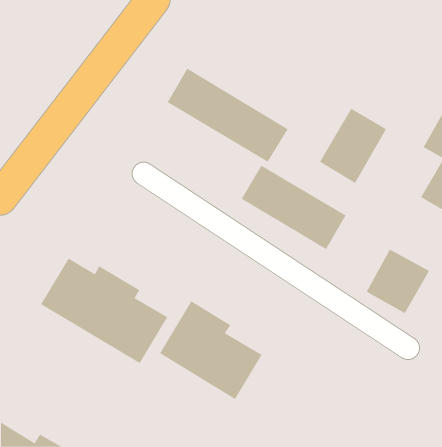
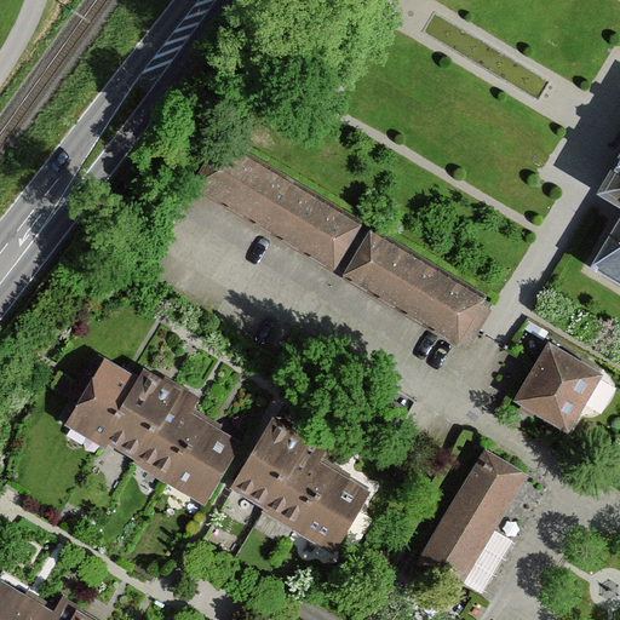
building: [167,68,288,163] -> [191,139,360,270]
building: [319,108,387,184] -> none
building: none -> [419,447,530,586]

